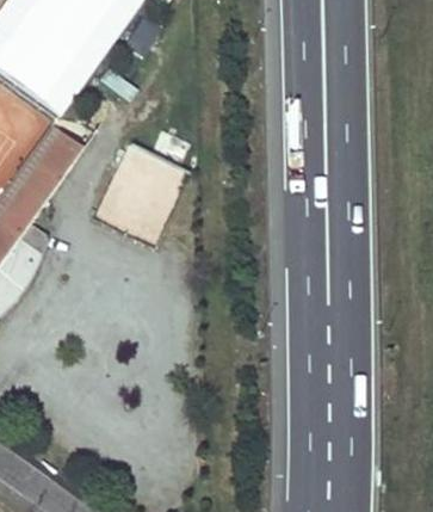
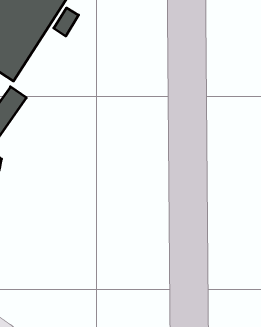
building: [95,143,187,241] -> none

